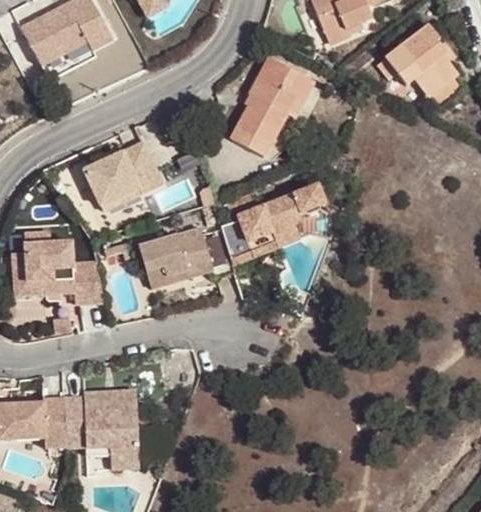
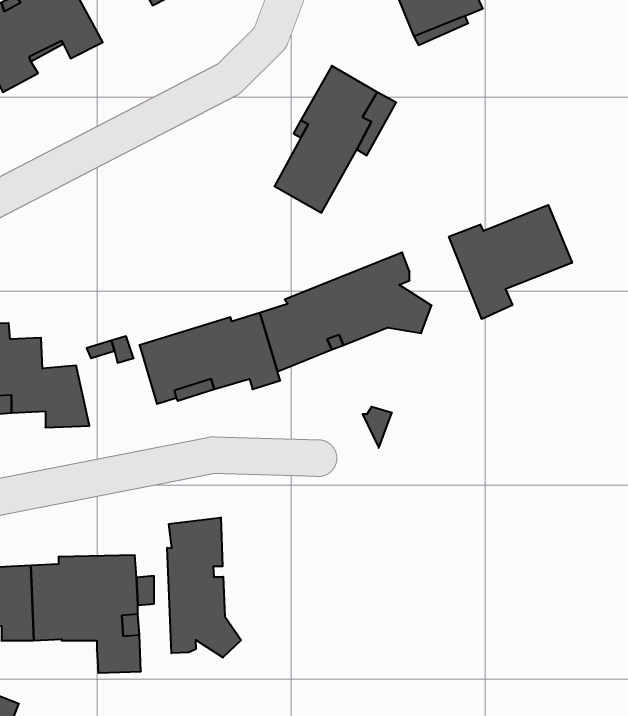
building: [376,23,458,97] -> none
building: [83,141,161,209] -> none
building: none -> [449,205,572,319]
building: none -> [167,517,241,658]

